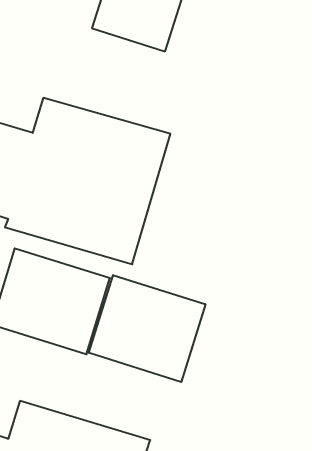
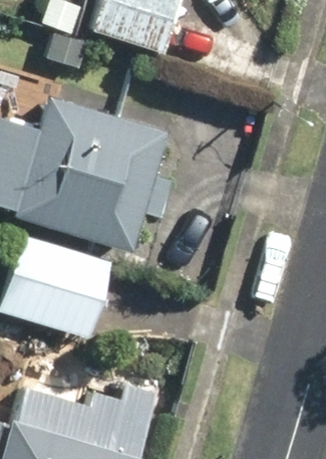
building: [89,275,205,382] -> none

